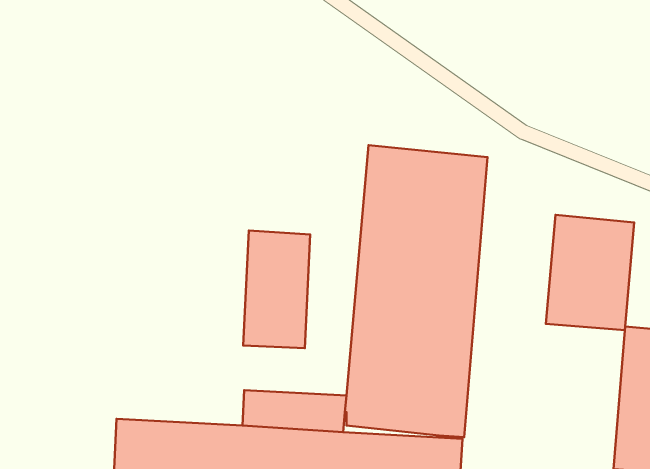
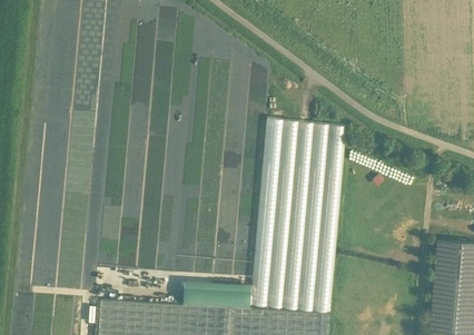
building: [546,215,634,330] -> none
building: [243,231,310,348] -> none

